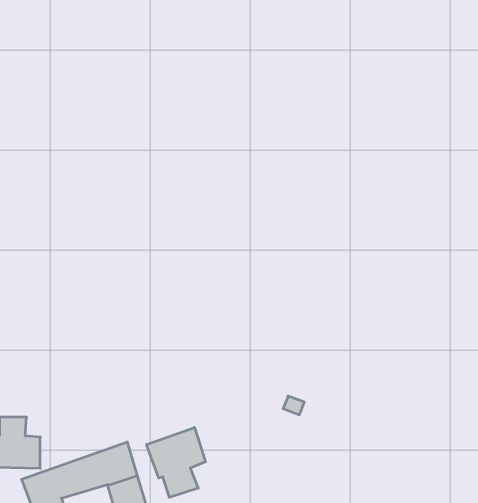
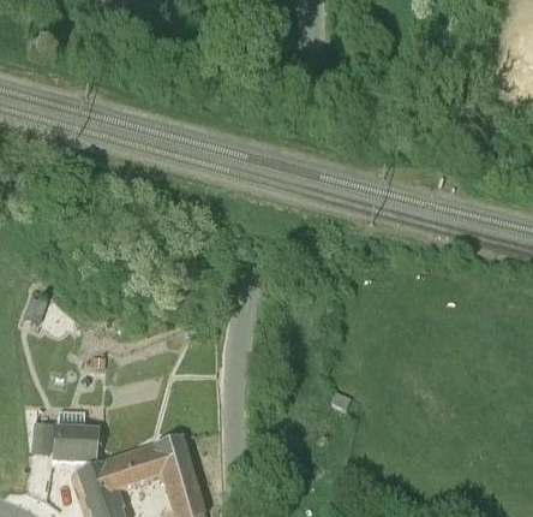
building: [147,427,206,497] -> none

